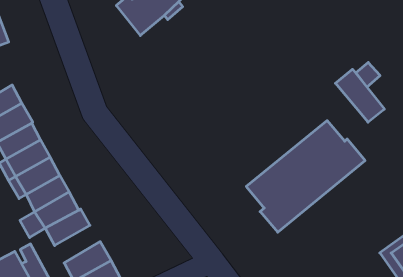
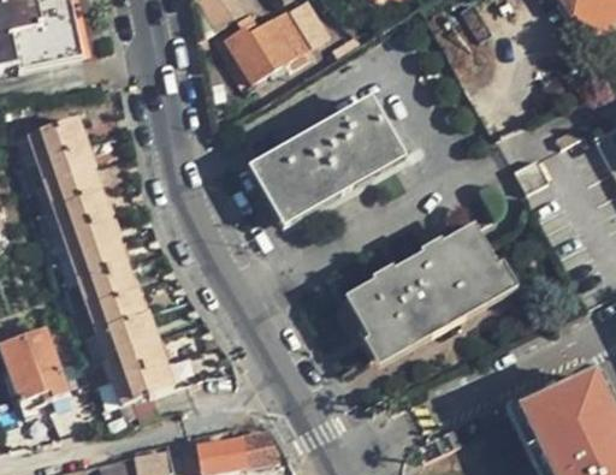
building: none -> [254,101,401,221]
building: [335,69,384,122] -> none
building: none -> [96,309,155,352]

